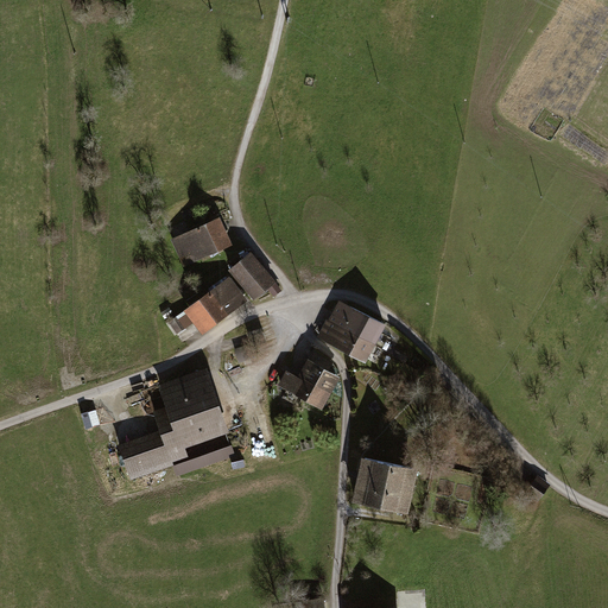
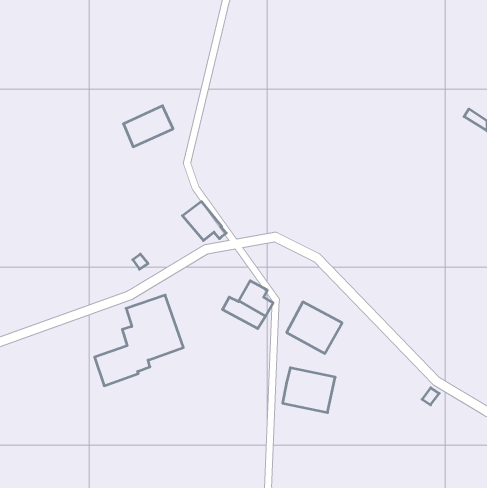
building: [170,216,232,267] -> [123,106,173,147]
building: [183,276,247,334] -> none
building: [317,298,386,362] -> [287,302,342,353]

